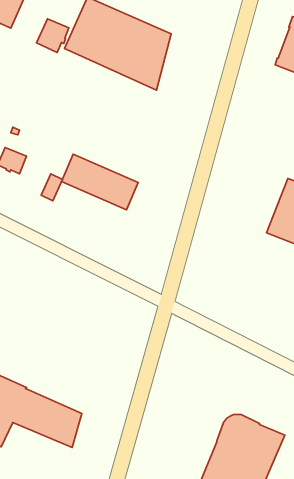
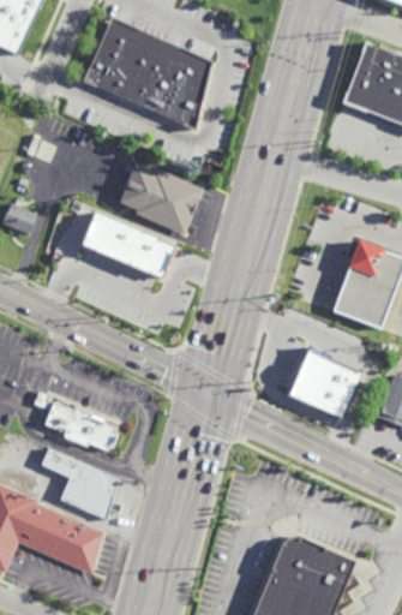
building: [37,19,69,53] -> none
building: none -> [122,166,205,235]
building: none -> [289,350,361,418]
building: none -> [34,393,124,455]
building: none -> [42,447,120,520]

